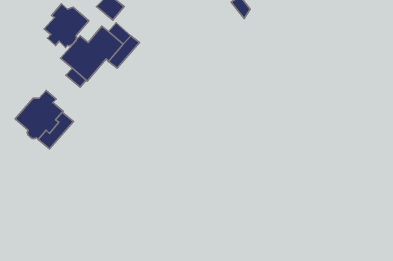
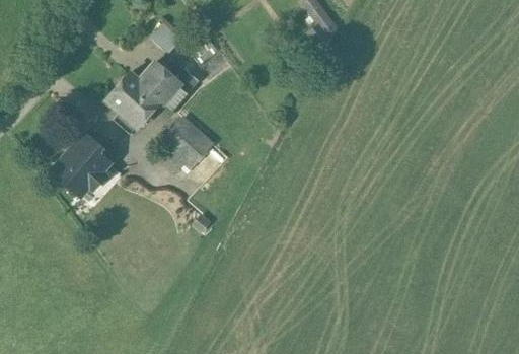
building: [44,4,89,48] -> none
building: none -> [160,116,212,170]

